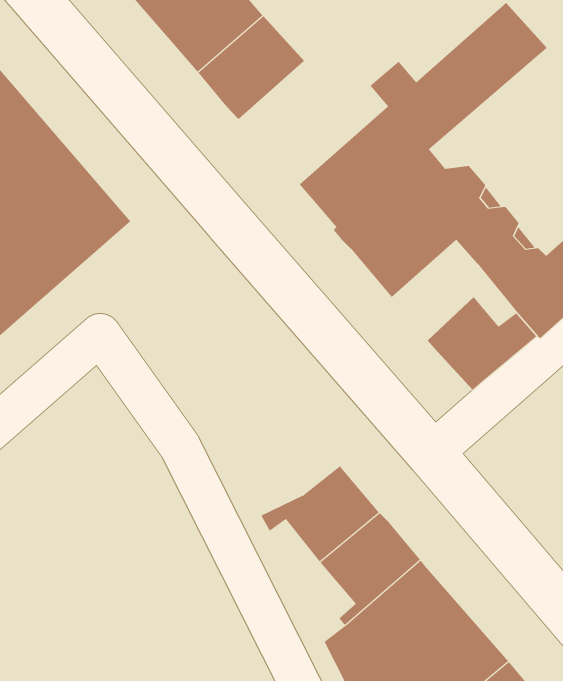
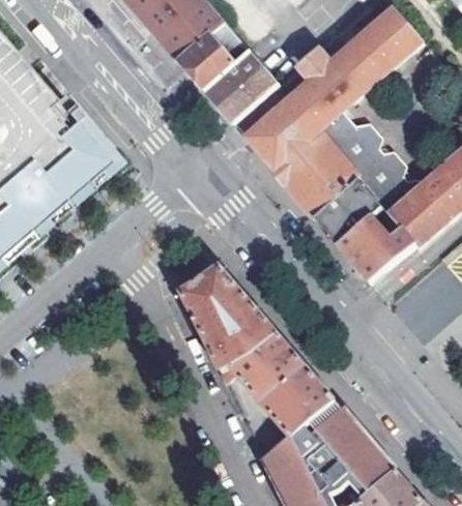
building: none -> [202,49,277,123]
building: none -> [310,175,370,245]
building: none -> [178,267,273,368]

